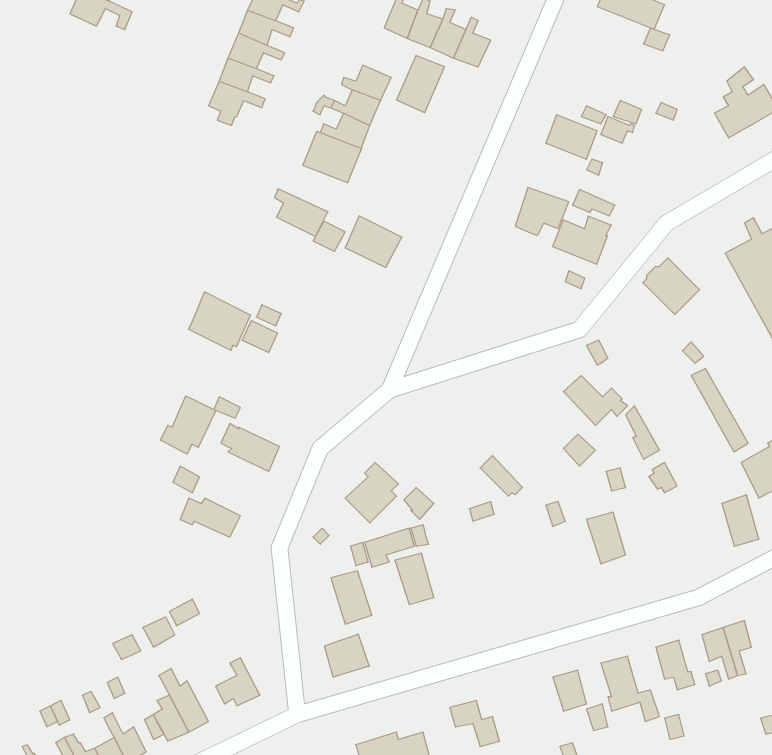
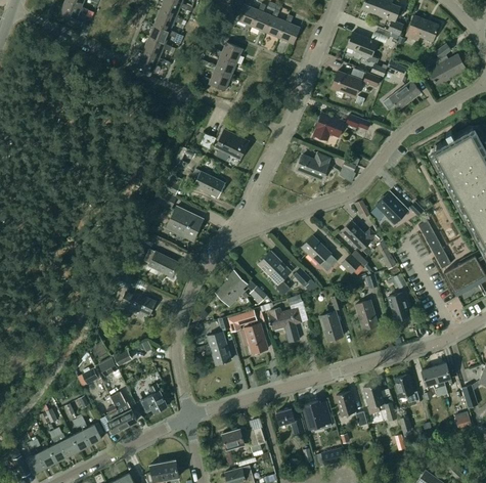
building: none -> [405,16,438,42]
building: none -> [347,33,378,57]
building: [396,55,444,113] -> none
building: none -> [389,81,421,111]
building: [303,131,361,183] -> none
building: [275,189,328,237] -> [193,170,224,197]
building: [553,216,611,264] -> [297,153,330,181]
building: [643,258,700,315] -> [375,192,408,225]
building: [188,292,251,351] -> [167,207,203,240]
building: [161,396,216,454] -> none
building: none -> [302,236,337,271]
building: none -> [258,252,291,284]
building: [722,495,759,546] -> [388,291,409,320]
building: none -> [269,310,302,343]
building: none -> [319,311,343,342]
building: [324,634,369,677] -> none
building: none -> [304,401,332,430]

